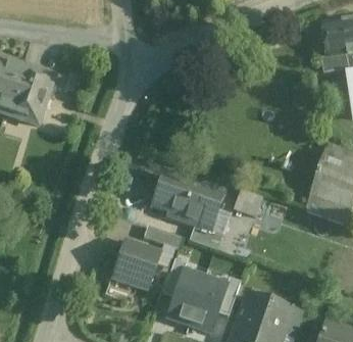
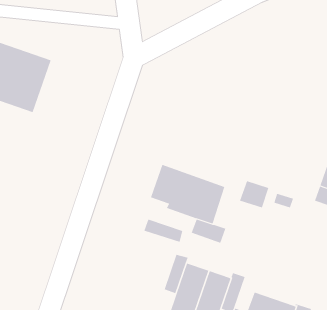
building: [111,241,159,289] -> none

